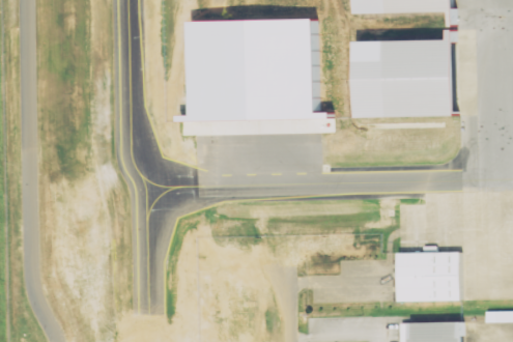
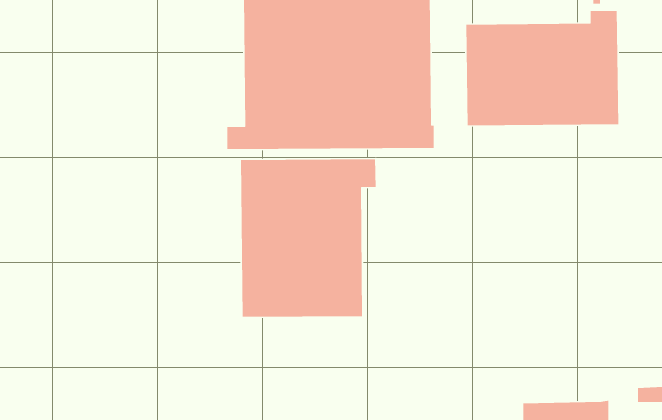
building: none -> [240,159,377,317]
building: [390,253,455,301] -> none

